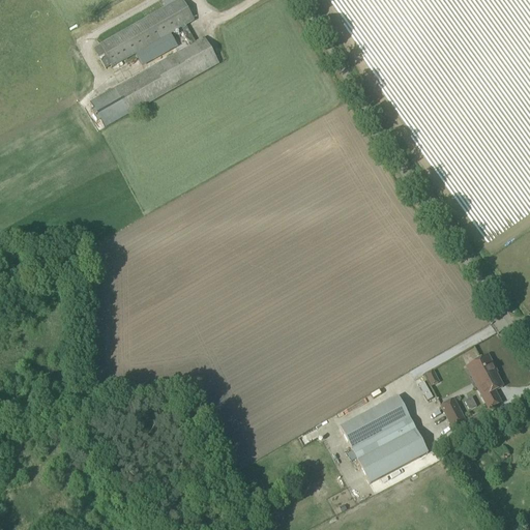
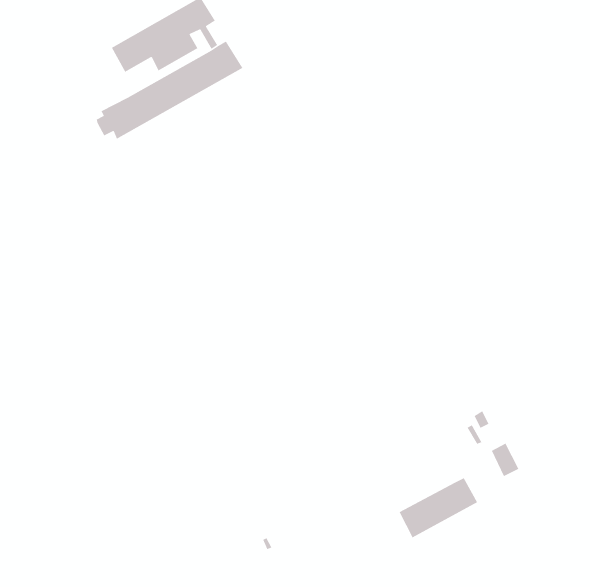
building: [470,354,502,407] -> none
building: [340,394,410,459] -> none

